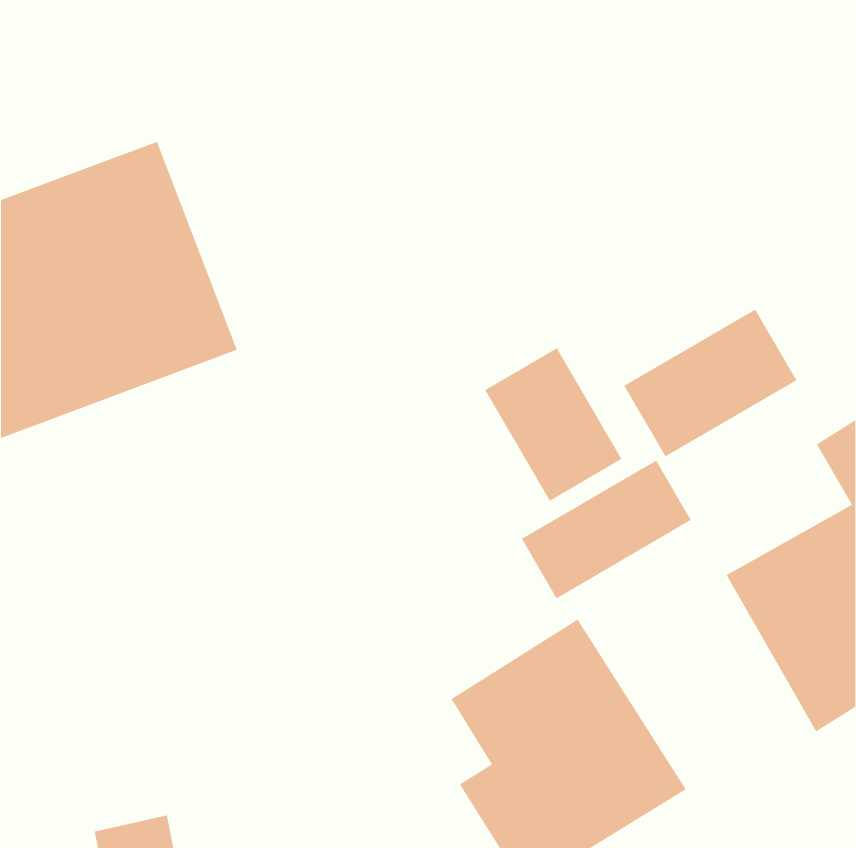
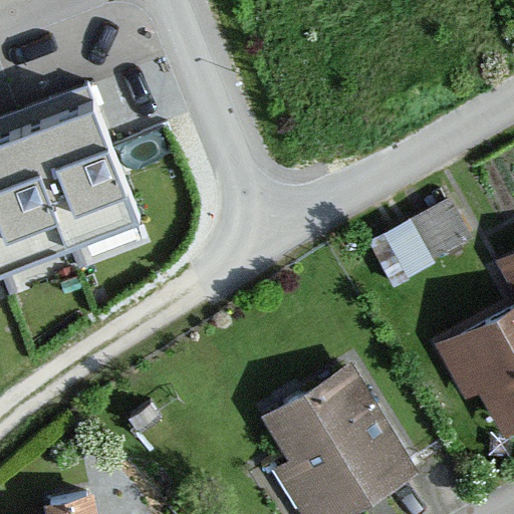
building: [484,347,622,502] -> none
building: [521,460,692,599] -> none

